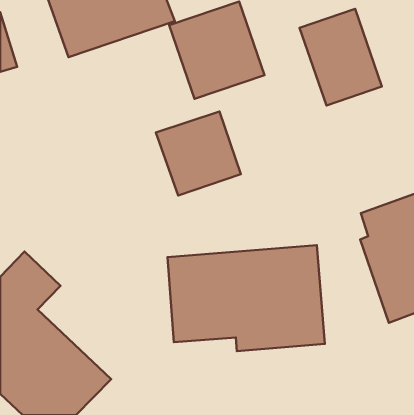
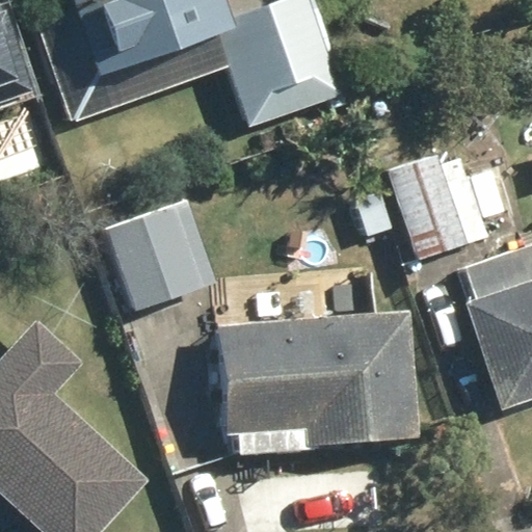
building: [300,9,382,105] -> none
building: [156,111,241,195] -> [105,201,213,308]
building: none -> [390,149,487,259]

